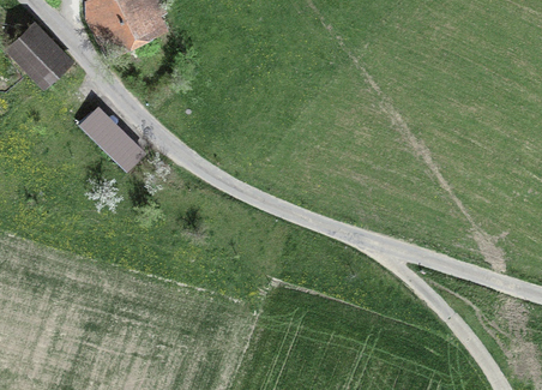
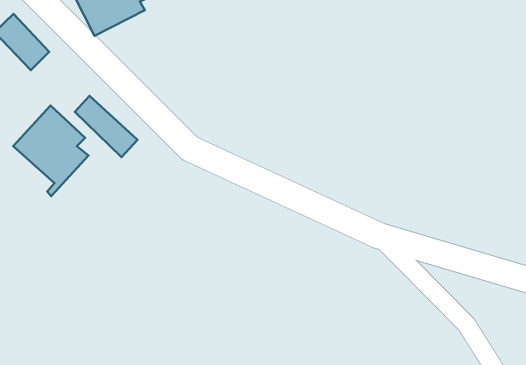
building: none -> [13,106,88,196]

